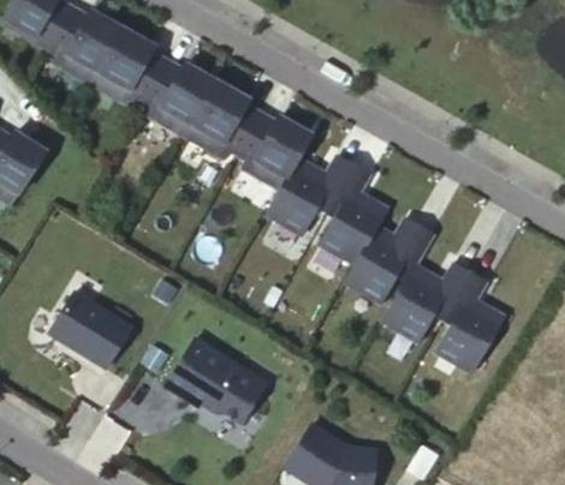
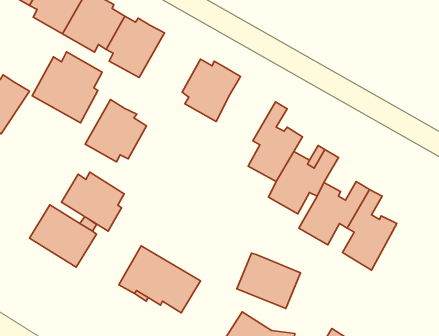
building: [185,79,261,156] -> [85,99,147,162]
building: none -> [32,52,102,123]
building: [266,154,353,233] -> none
building: none -> [61,172,124,231]
building: none -> [237,253,300,308]

